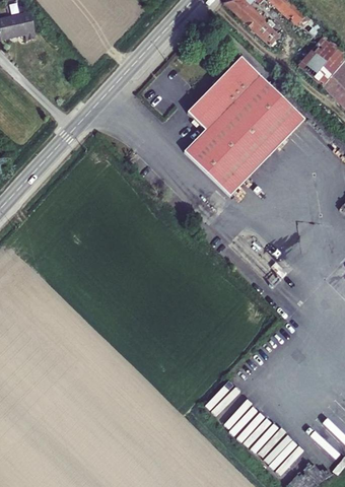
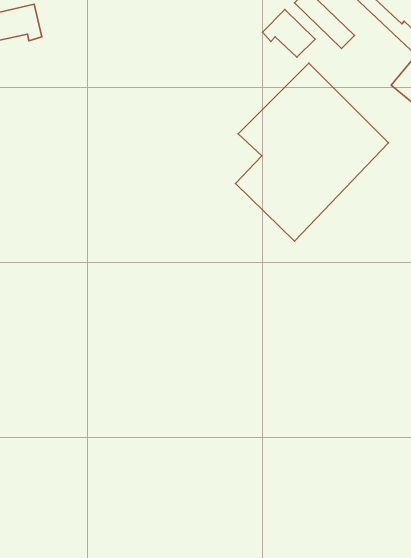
building: none -> [263,9,315,57]

